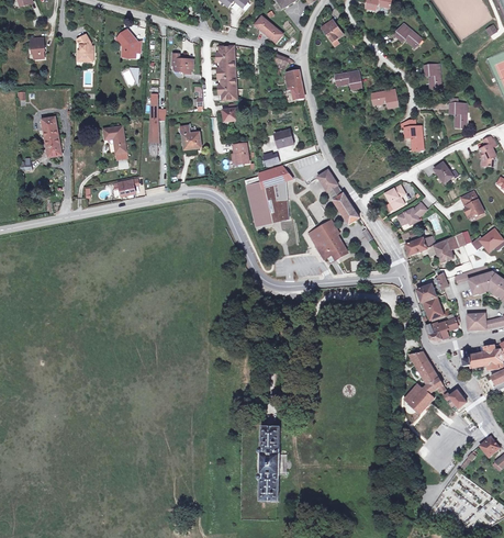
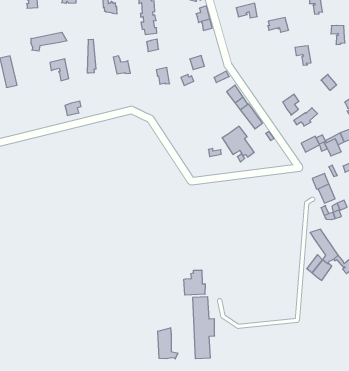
building: none -> [31,32,67,51]
building: [245,166,292,222] -> none
building: none -> [184,270,205,295]
building: none -> [158,328,178,359]

